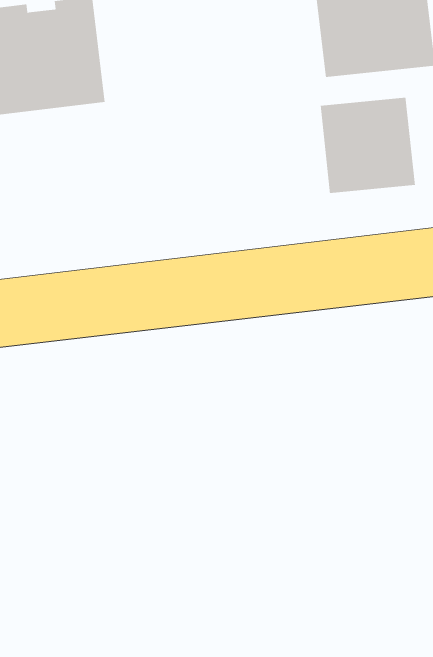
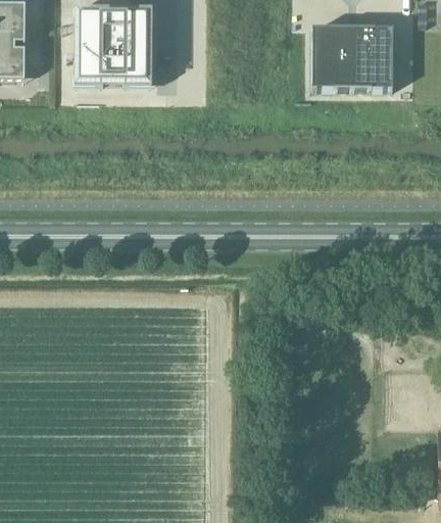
building: [320,97,415,194] -> none

